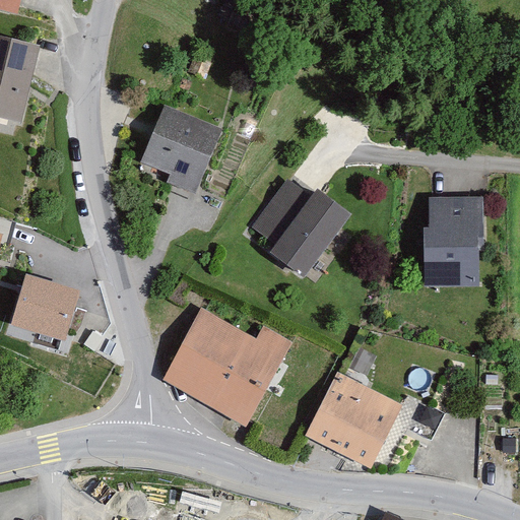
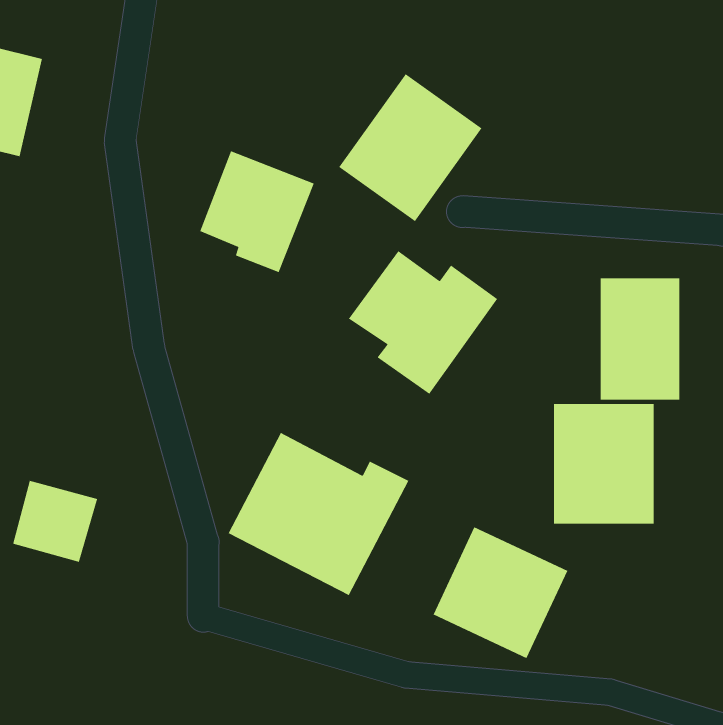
building: none -> [338,73,482,222]
building: [9,270,70,329] -> [12,480,98,563]
building: none -> [553,403,655,525]

